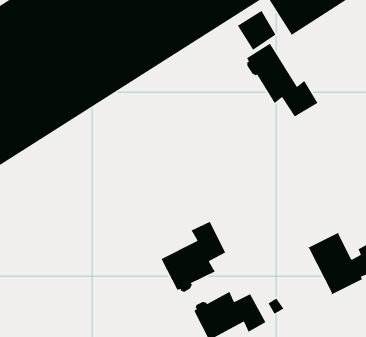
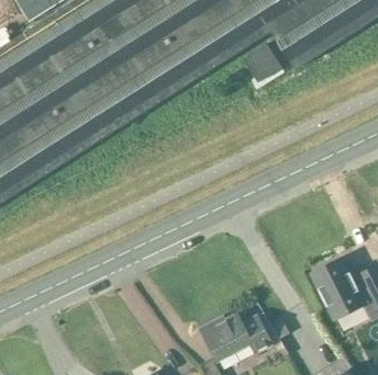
building: [246,43,319,118] -> none
building: [161,221,226,293] -> none

